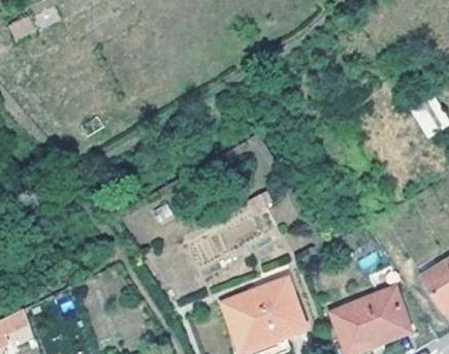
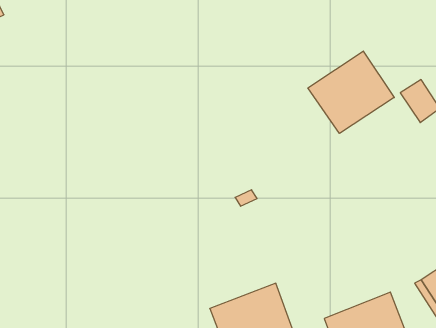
building: none -> [308,51,394,133]

